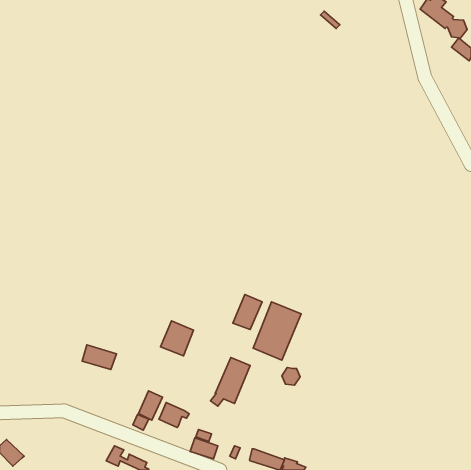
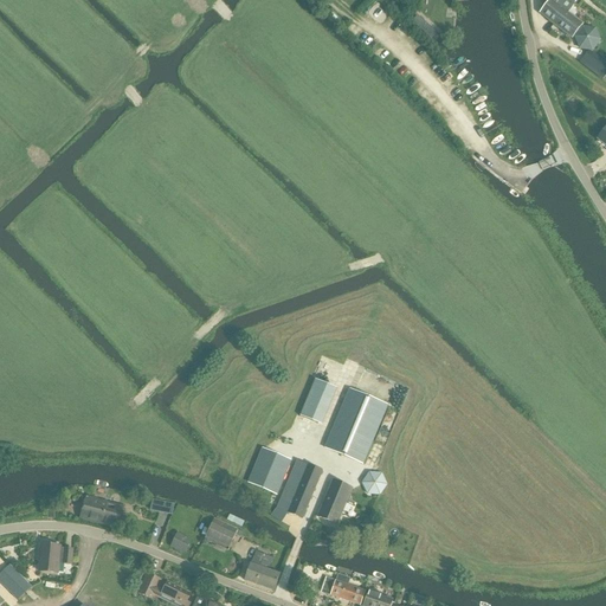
building: [160,321,194,356] -> [247,447,290,492]
building: [82,345,116,370] -> [79,495,123,527]
building: none -> [316,478,350,523]
building: [138,391,162,420] -> none
building: none -> [38,542,72,572]

